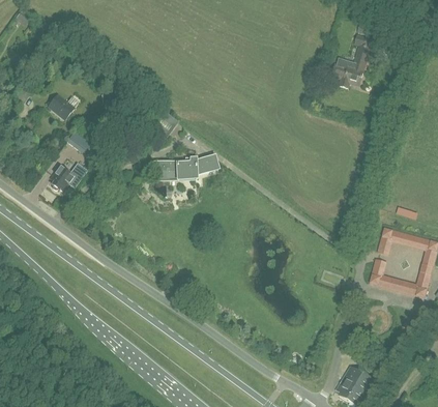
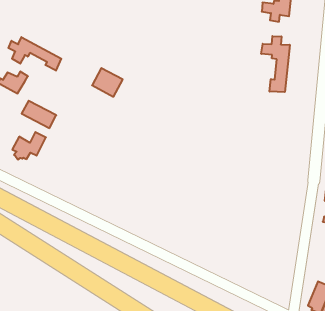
building: none -> [8,37,61,71]
building: none -> [261,36,290,92]
building: [154,155,217,179] -> none

